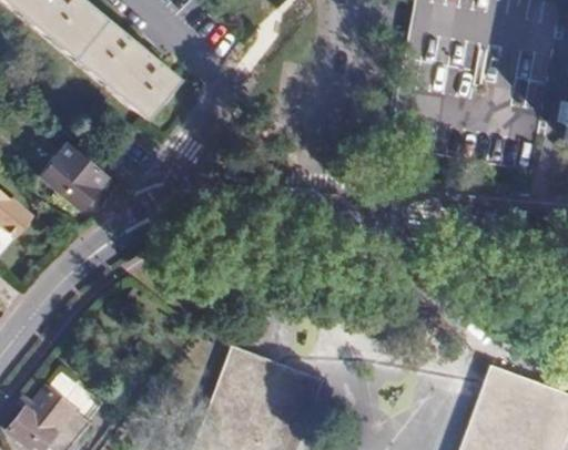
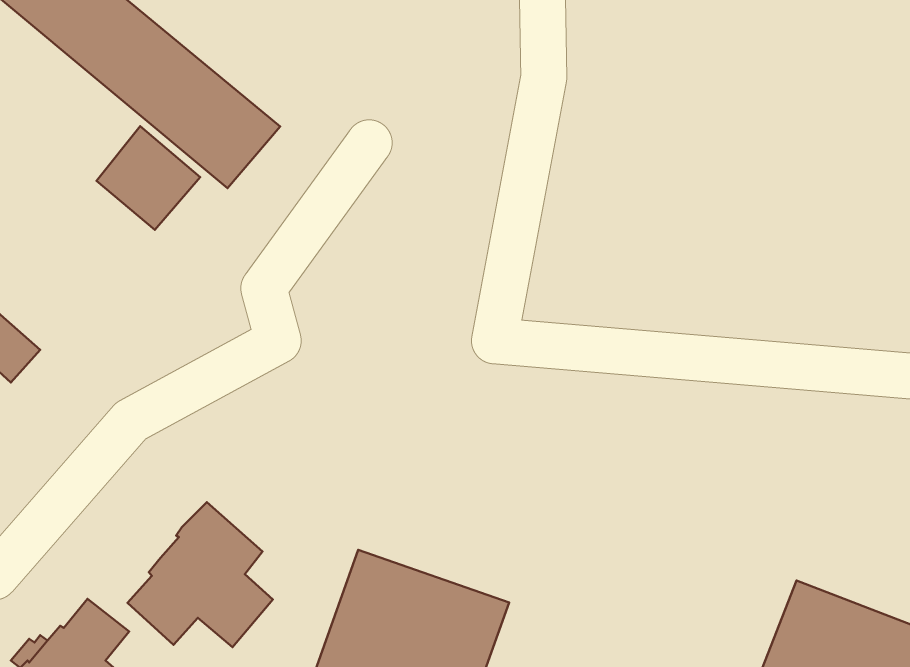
building: [44,146,108,209] -> [97,126,200,230]
building: none -> [127,502,273,647]

